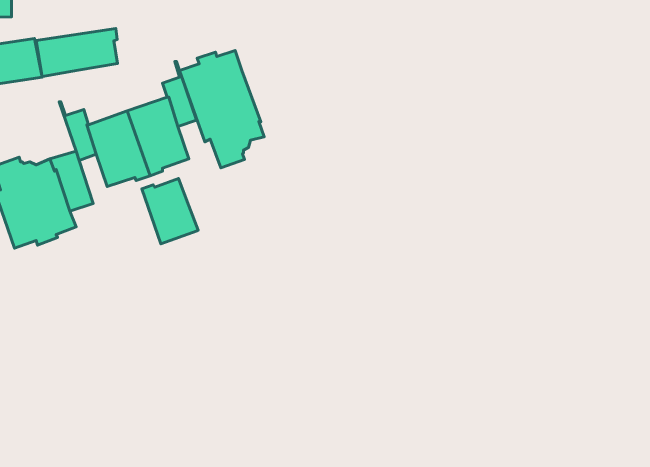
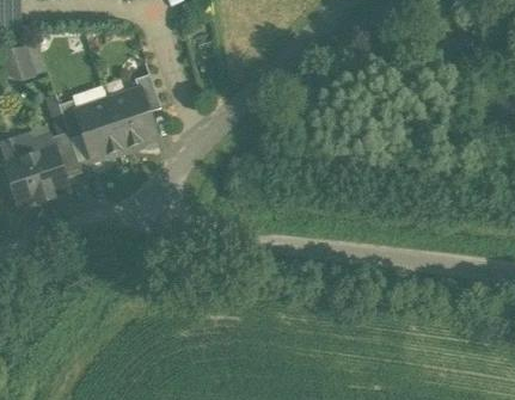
building: [36,29,117,76] -> none
building: [180,51,264,168] -> none
building: [142,179,198,244] -> none

